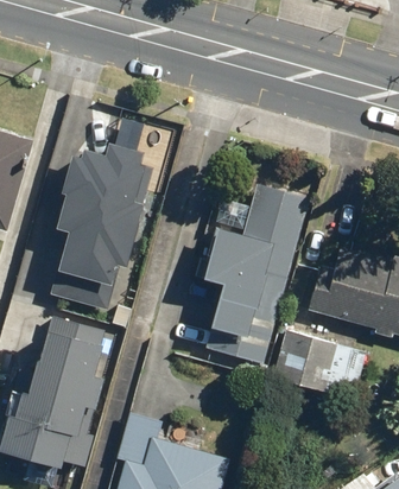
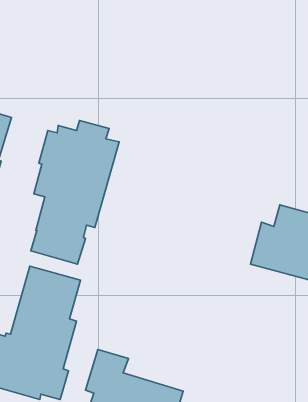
building: [203,182,311,363] -> none
building: [272,329,368,394] -> none

